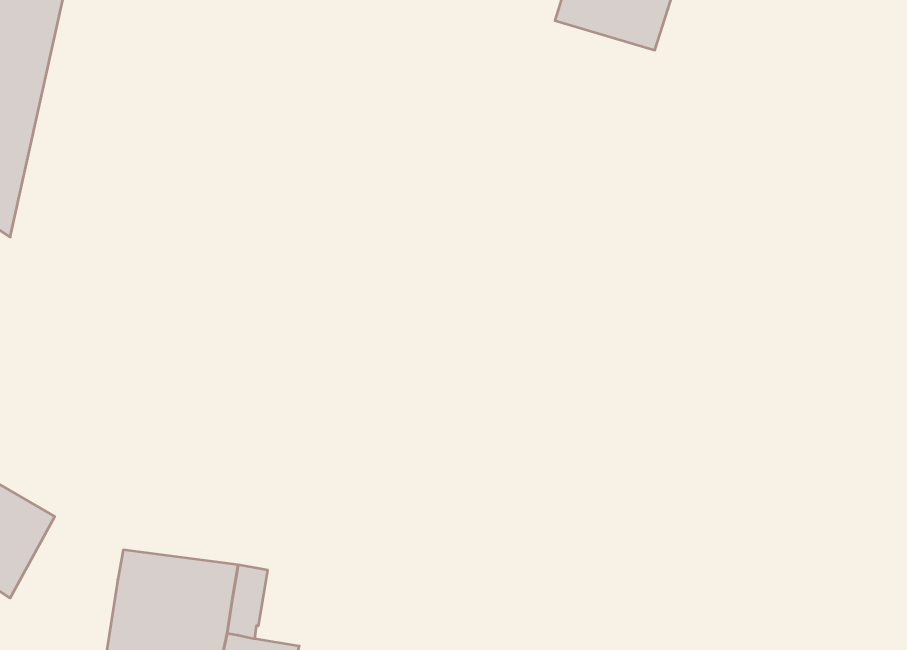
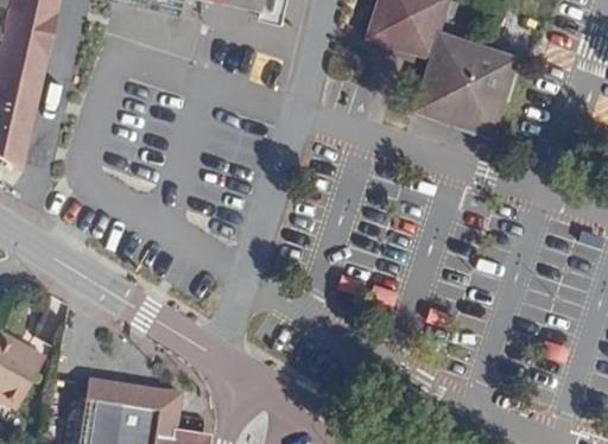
building: none -> [414,31,519,135]

